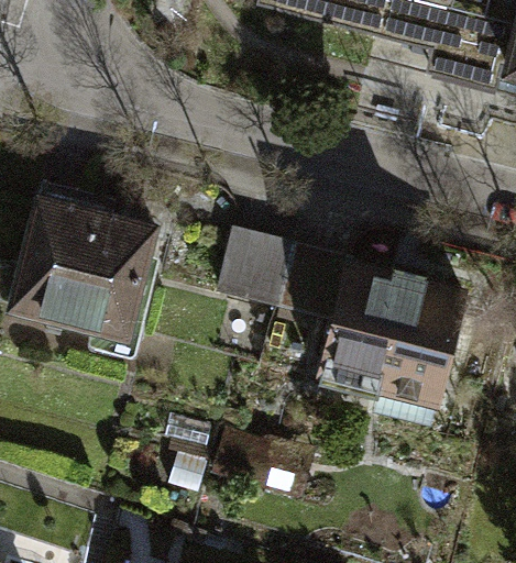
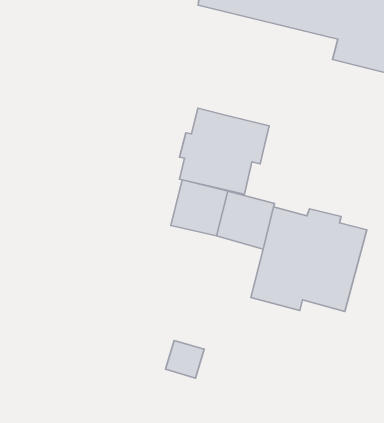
building: none -> [179,108,269,194]
building: [14,181,156,335] -> none

